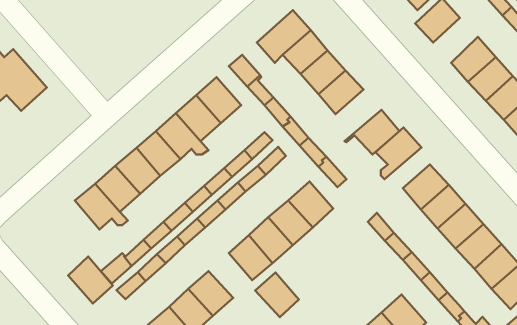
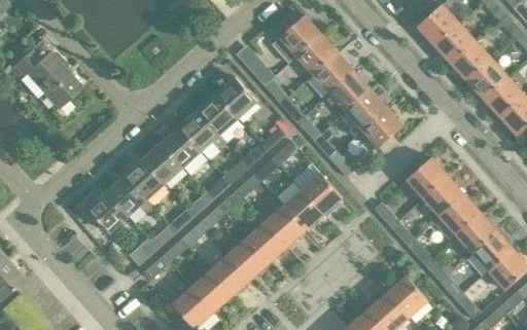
building: none -> [433,22,475,63]
building: [375,127,421,179] -> [344,87,386,135]
building: [68,256,113,303] -> [86,189,128,232]
building: [255,272,299,317] -> [227,237,268,279]

